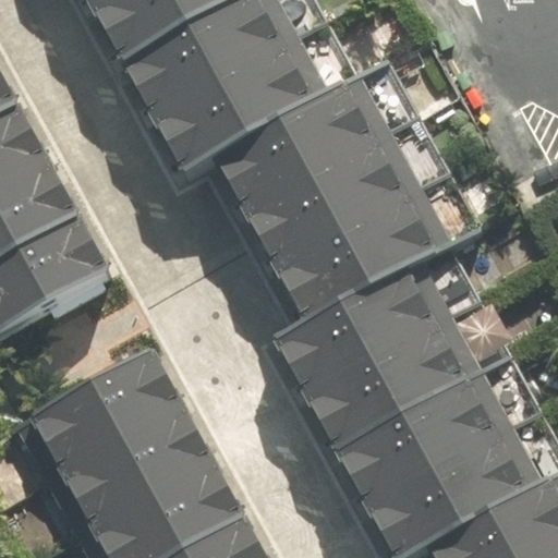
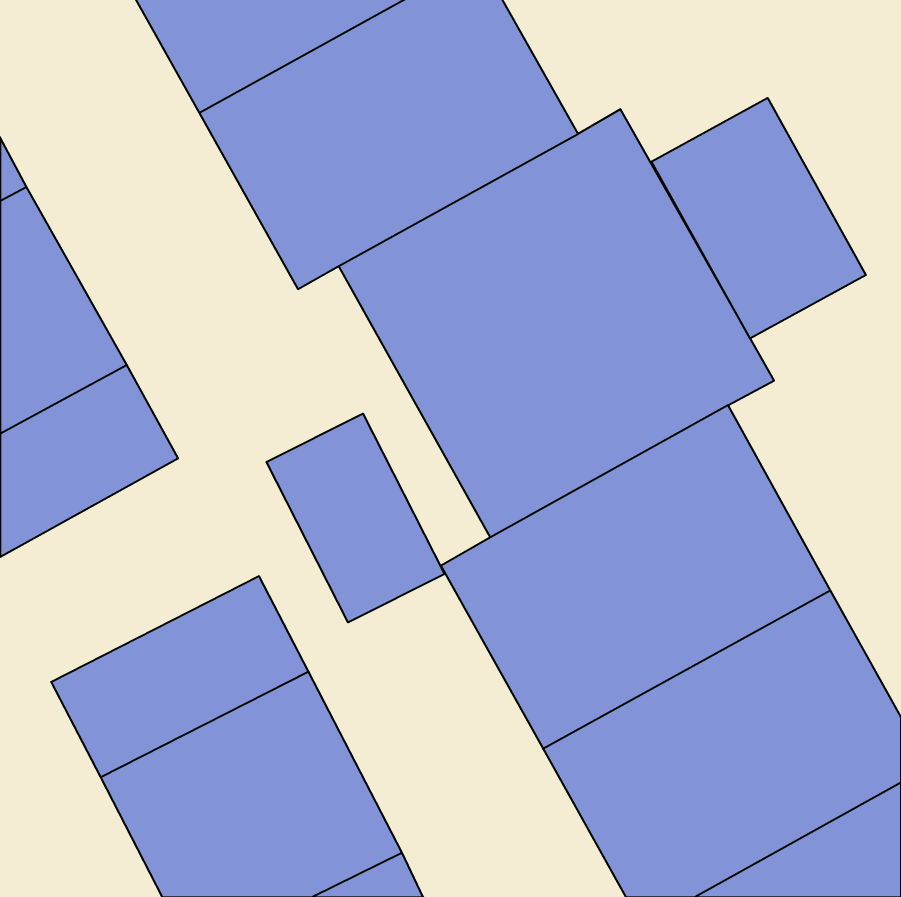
building: none -> [652,98,866,339]
building: none -> [266,414,445,622]

